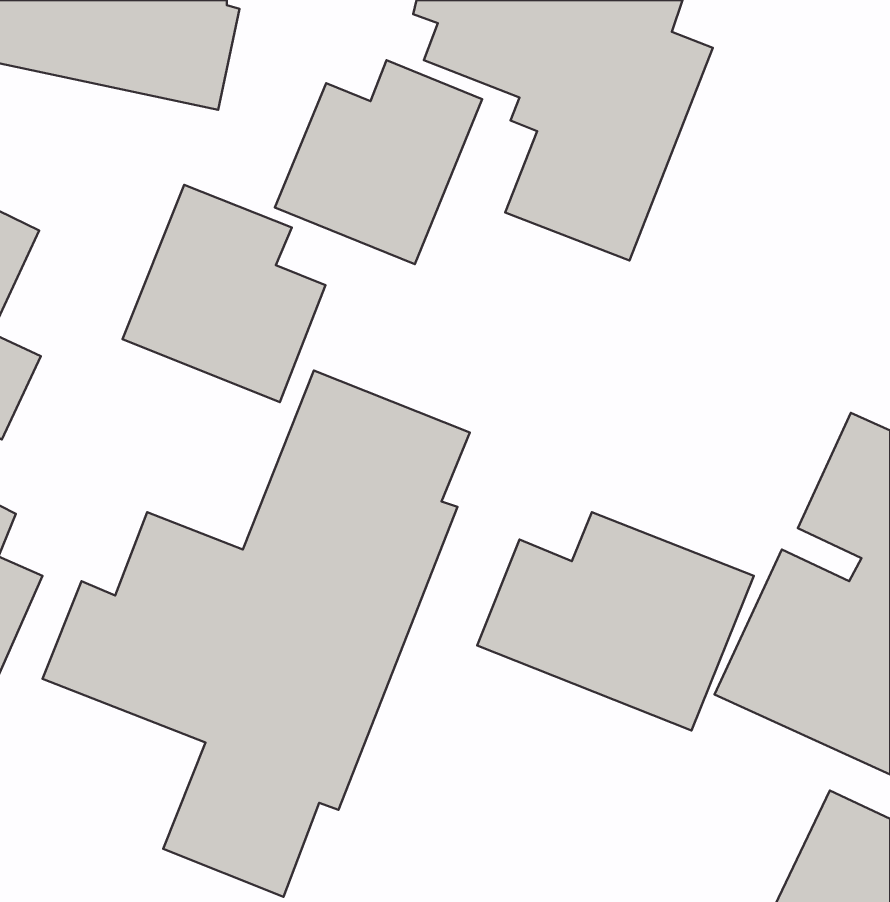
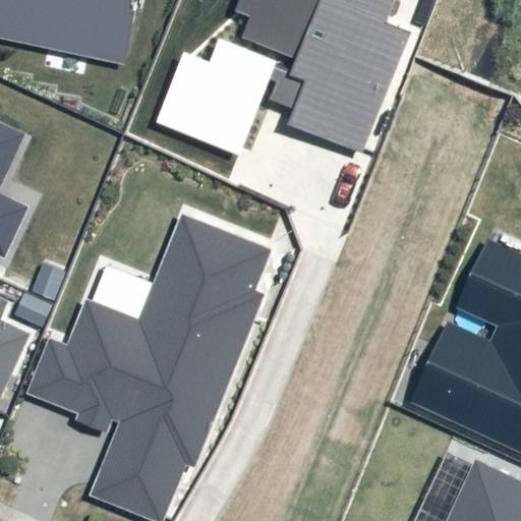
building: [123,185,325,402] -> none
building: [477,512,754,731] -> none

